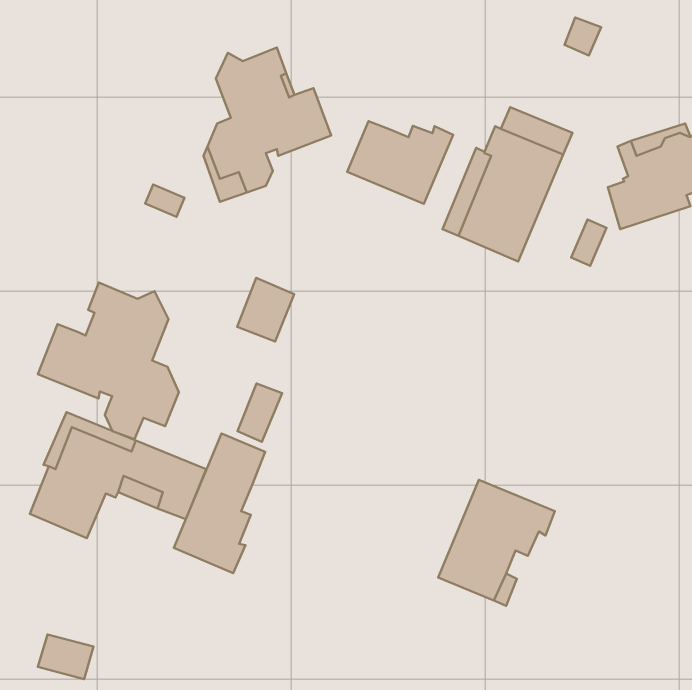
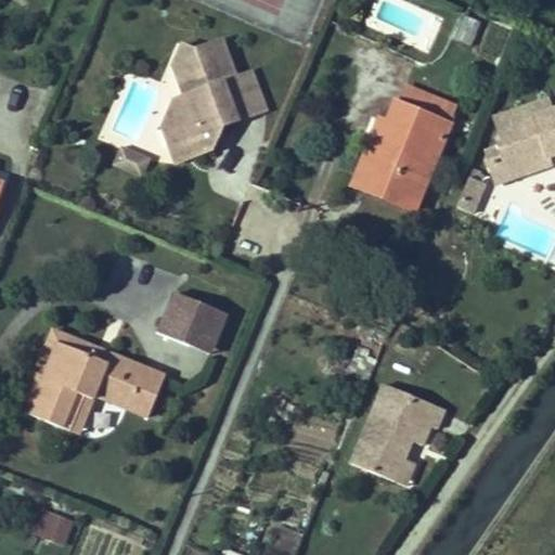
building: [347,121,453,204] -> none
building: [237,278,294,342] -> [160,294,206,345]
building: [38,283,179,439] -> none
building: [174,433,265,573] -> none

